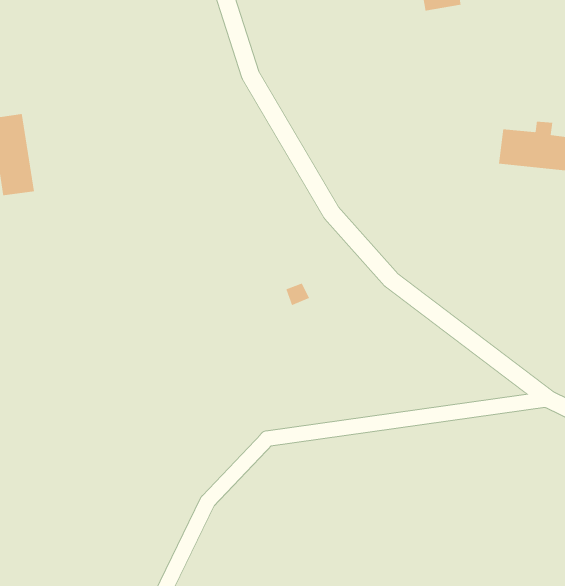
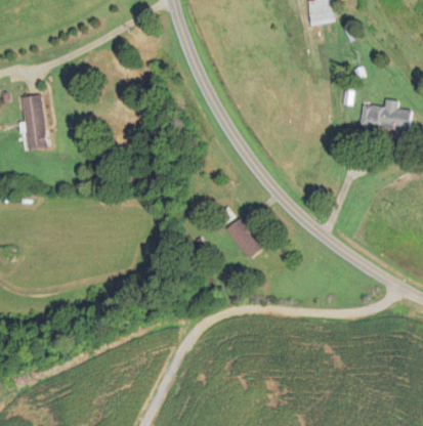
building: none -> [225,218,263,257]

